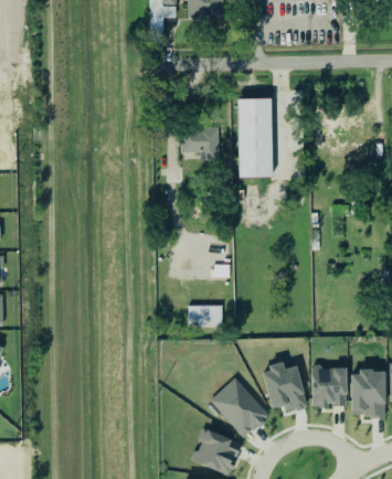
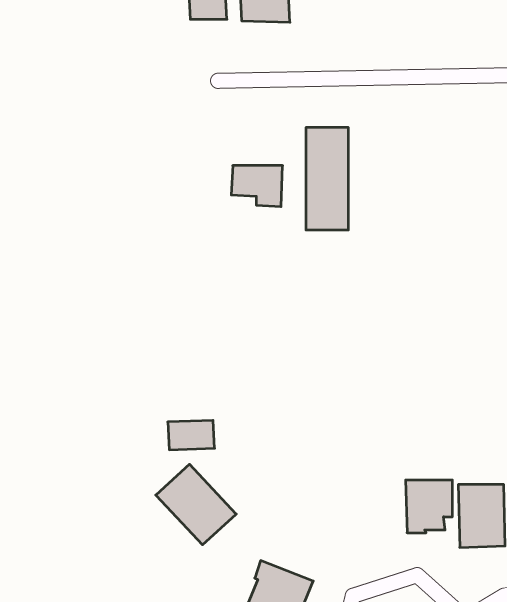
building: [188,305,223,327] -> [168,420,215,450]
building: [263,363,309,413] -> none
building: [210,377,271,438] -> [156,464,236,545]

